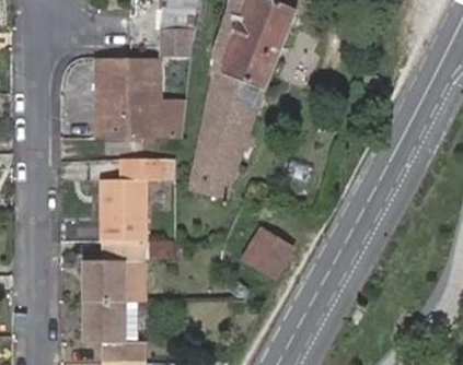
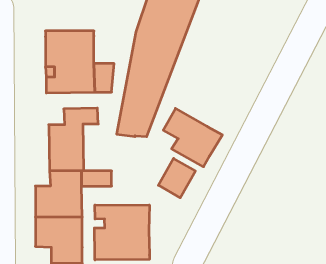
building: [160,30,194,59] -> none
building: none -> [163,108,222,167]
building: none -> [94,205,149,260]

